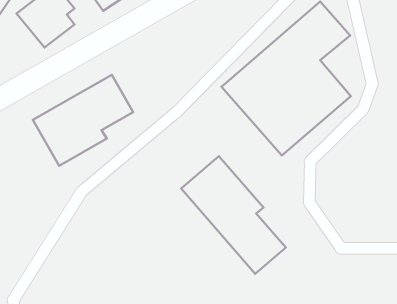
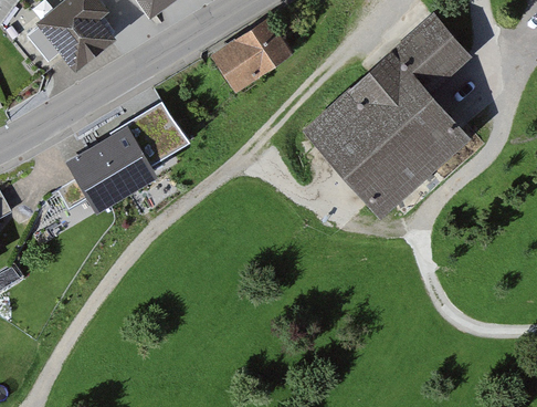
building: none -> [212,22,292,92]
building: [181,156,286,274] -> none

